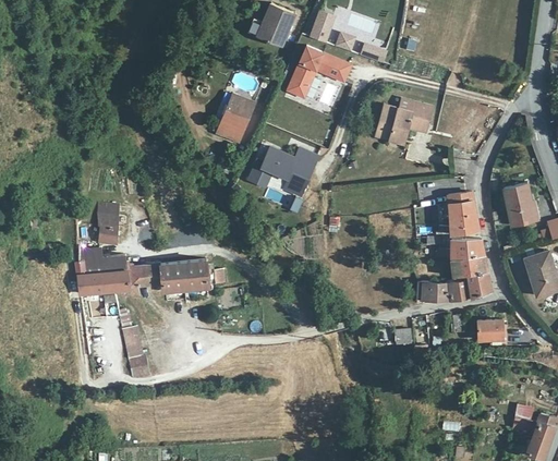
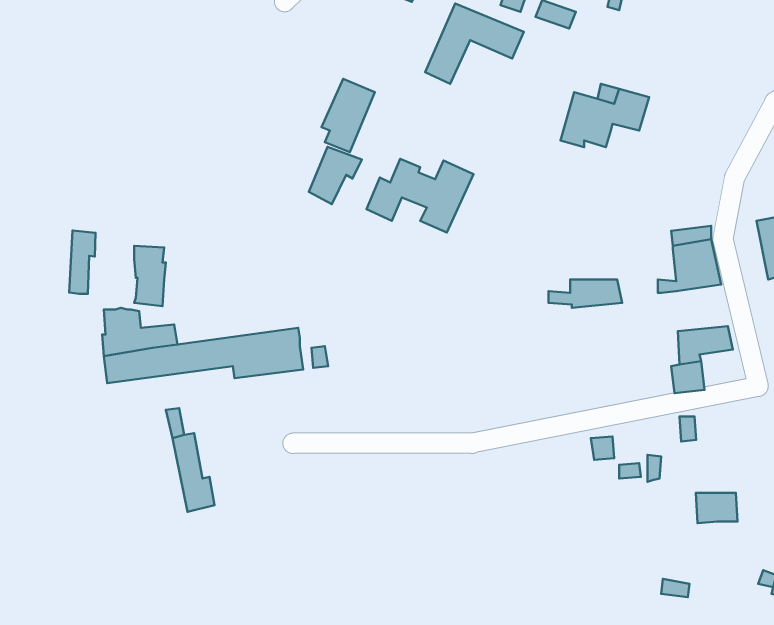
building: none -> [309,147,362,204]
building: none -> [69,230,96,294]
building: [437,241,485,259] -> [548,279,622,308]
building: [466,271,492,298] -> none
building: [417,282,450,300] -> none
building: [476,320,504,340] -> [696,493,738,523]

